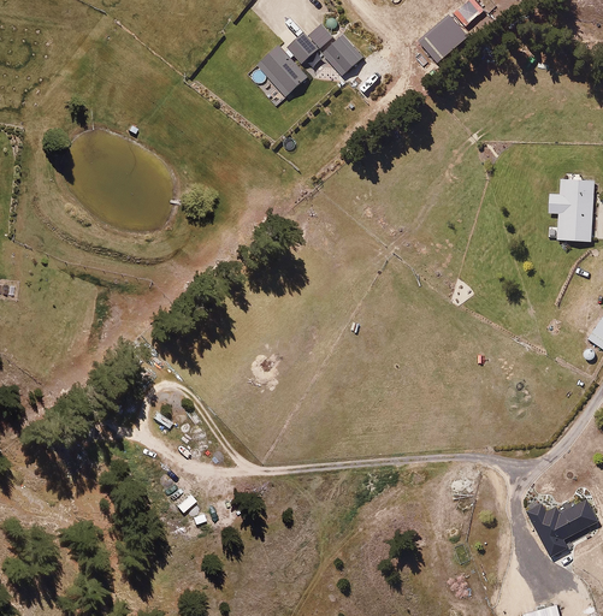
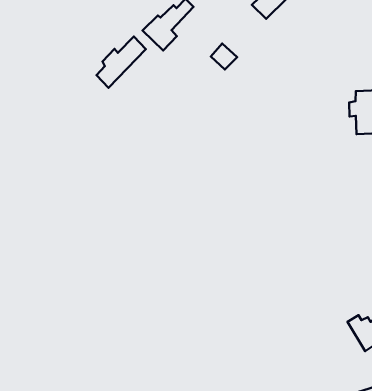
building: [324,35,362,73] -> [211,43,237,70]
building: none -> [96,37,146,88]

